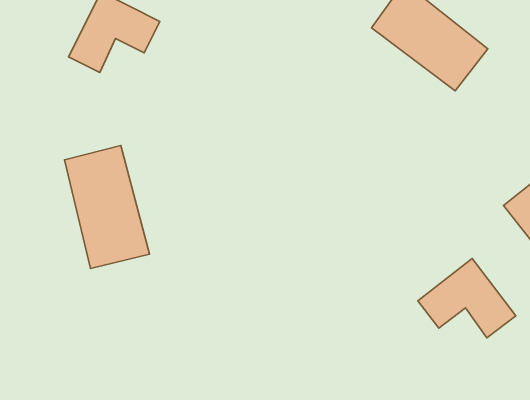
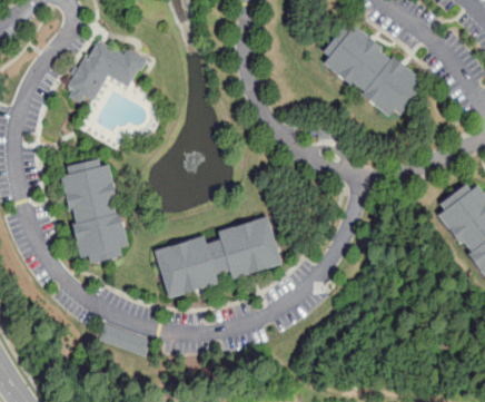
building: none -> [154,216,280,300]
building: [418,259,516,338] -> none

